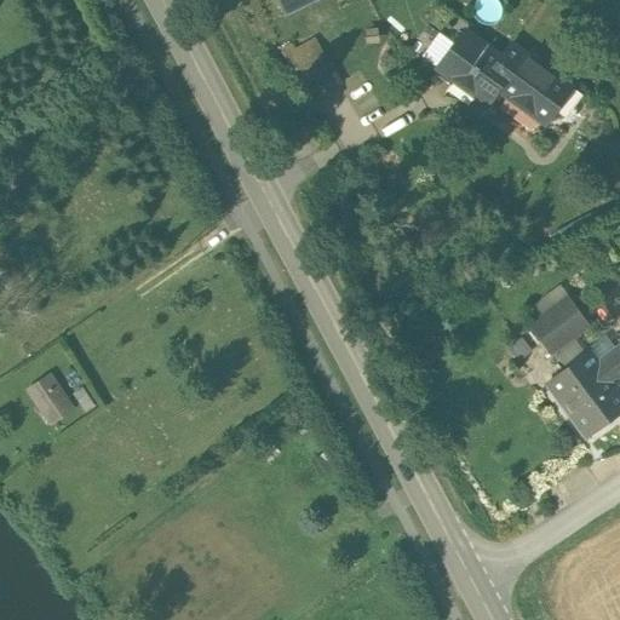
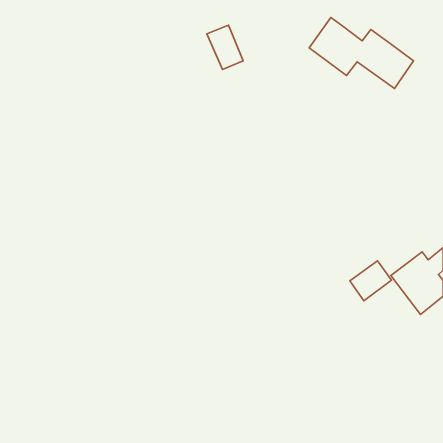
building: [529,299,587,355] -> [350,261,392,301]
building: [23,372,75,426] -> none

